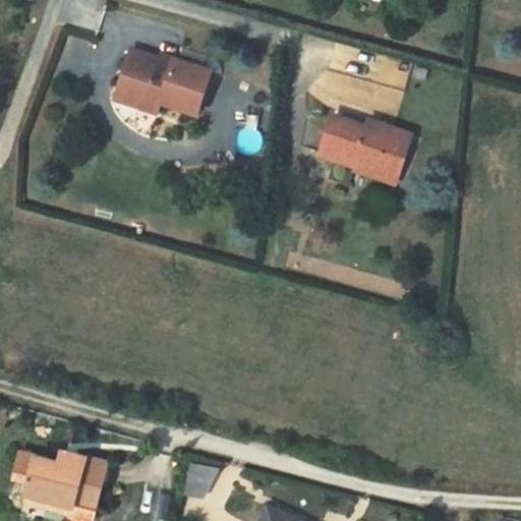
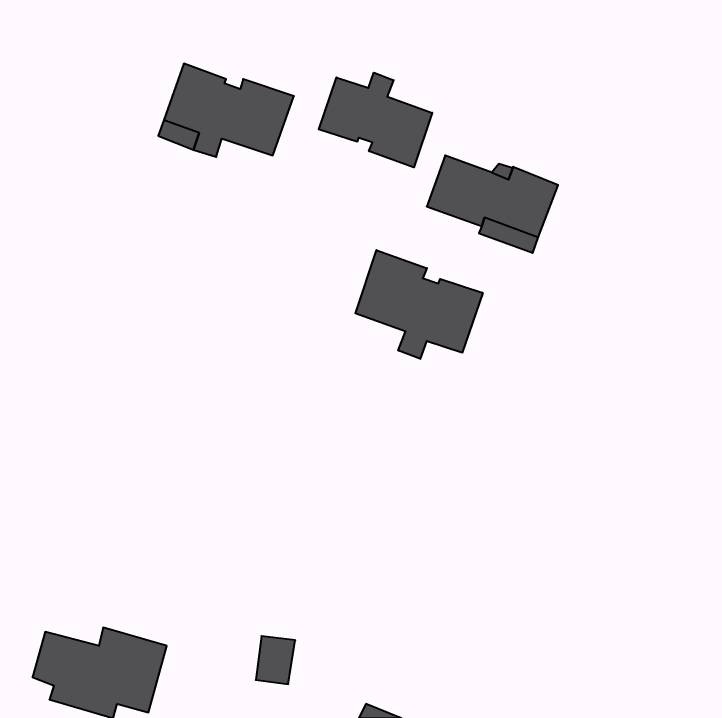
building: none -> [319,73,432,167]
building: none -> [355,250,483,359]

